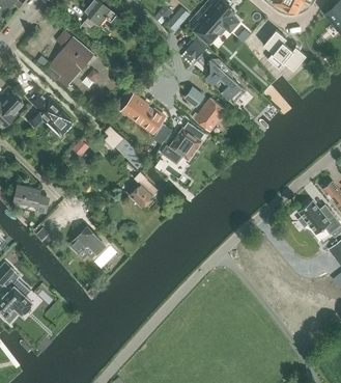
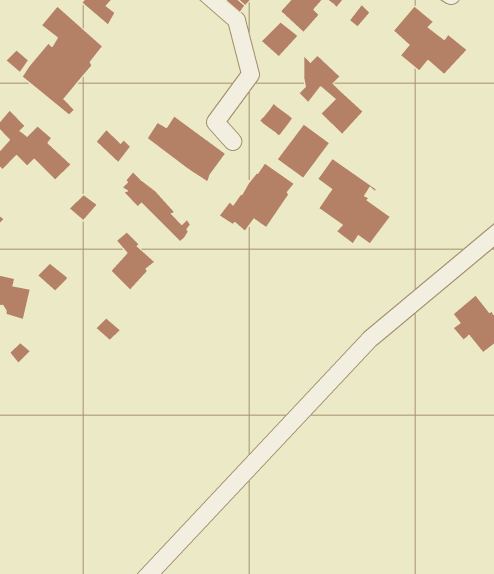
building: none -> [318,158,391,244]
building: [130,172,155,207] -> [111,232,155,290]
building: [67,225,108,254] -> none

